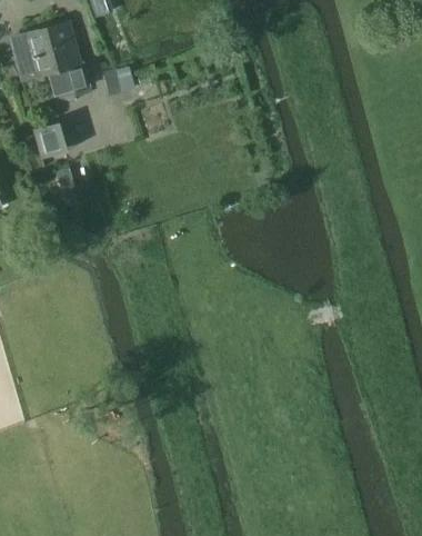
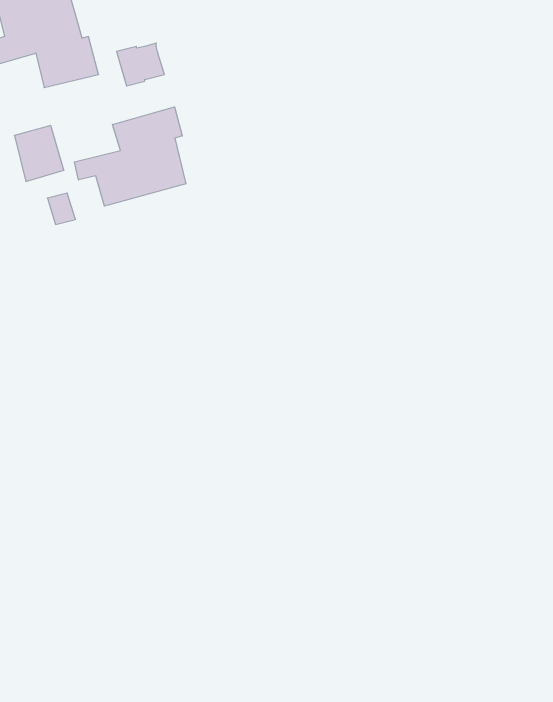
building: none -> [74,107,186,206]

